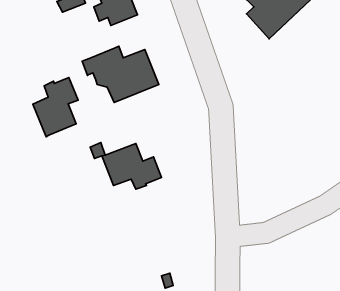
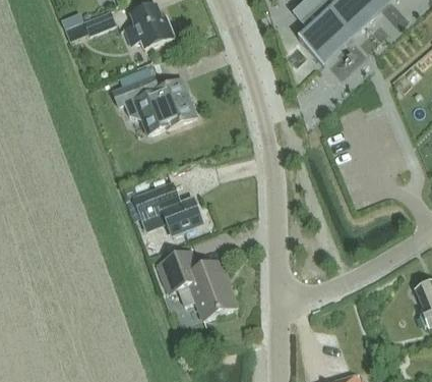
building: [33,77,78,137] -> none
building: none -> [158,250,236,318]

